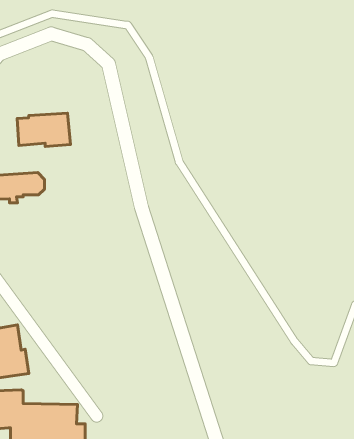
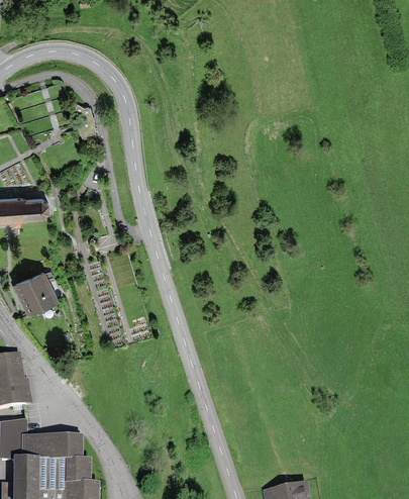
building: [17,113,71,146] -> none
building: none -> [13,270,56,312]

